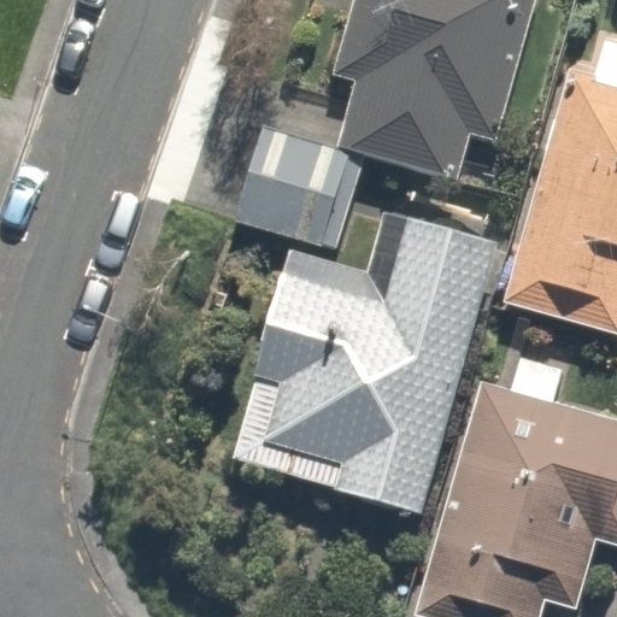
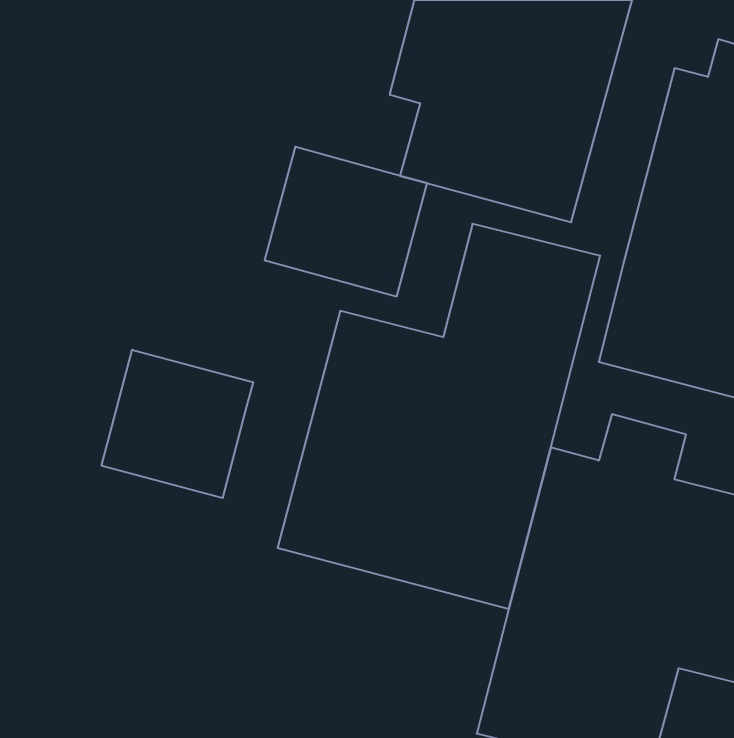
building: none -> [102,350,253,498]

